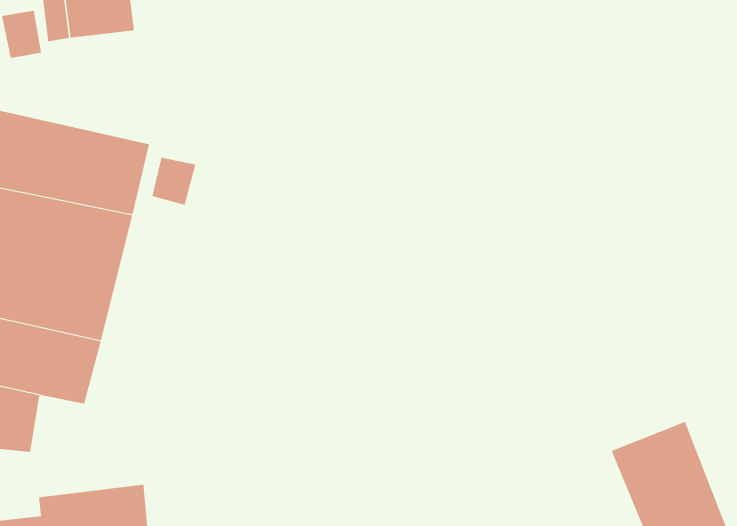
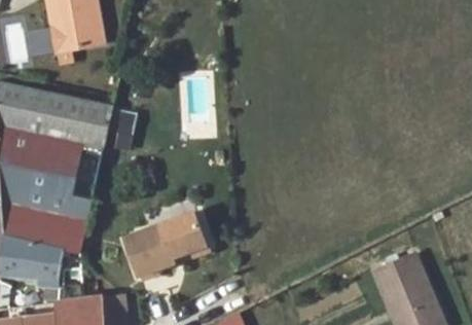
building: none -> [123,216,204,275]

